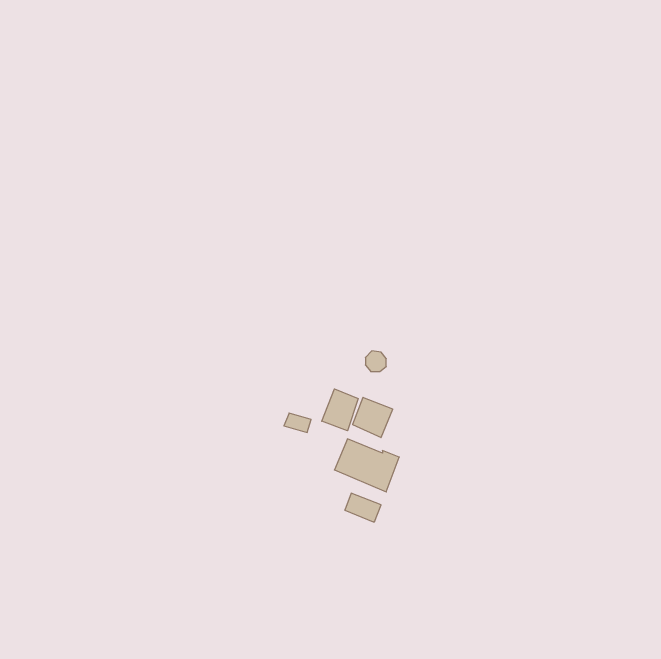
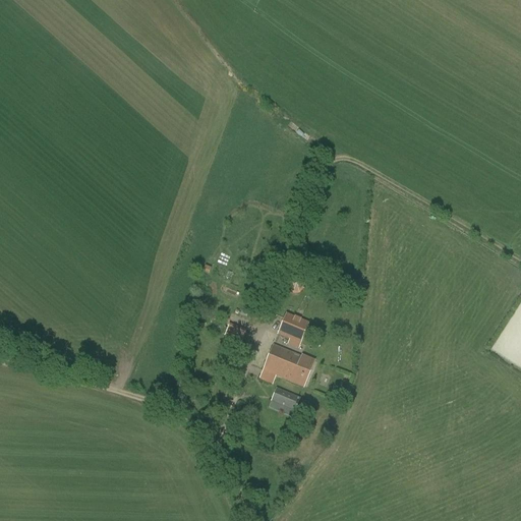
building: [322,389,358,431] -> none

